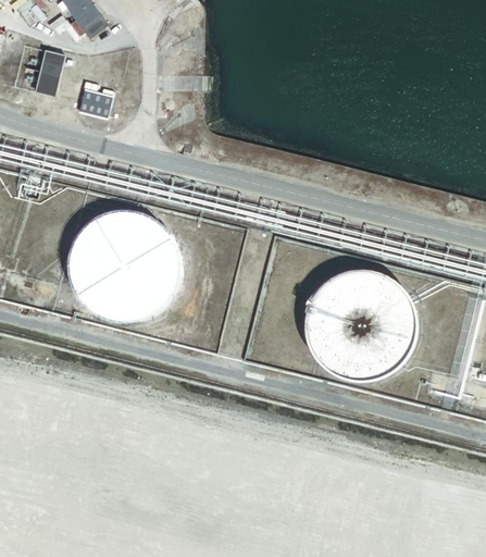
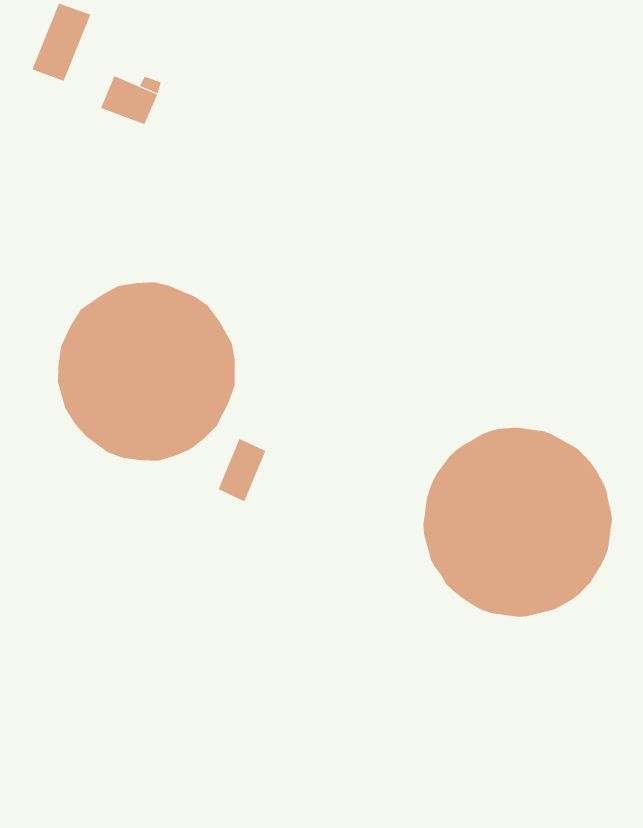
building: none -> [218,438,266,502]

